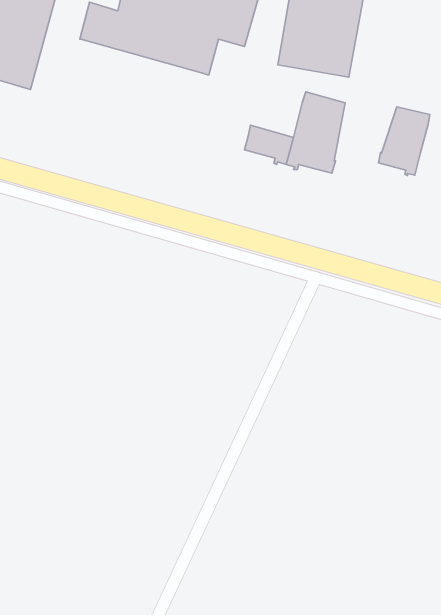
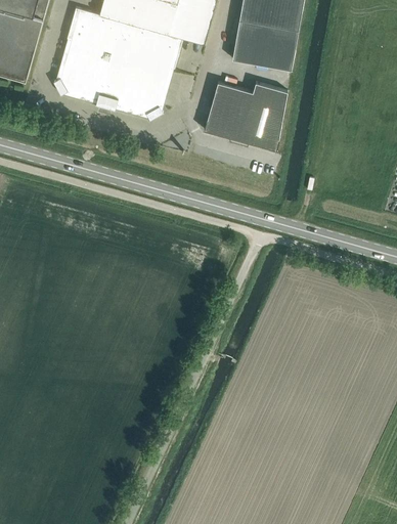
building: none -> [54,39,171,120]
building: none -> [210,82,253,120]
building: [378,107,430,176] -> none

